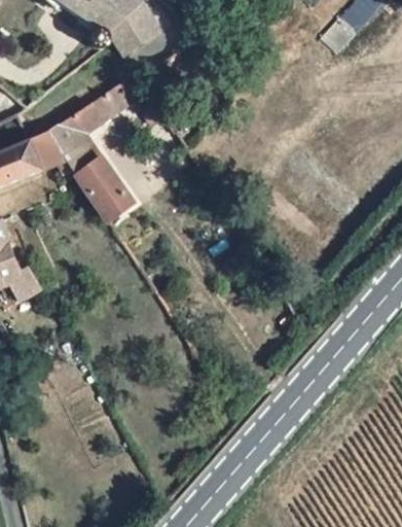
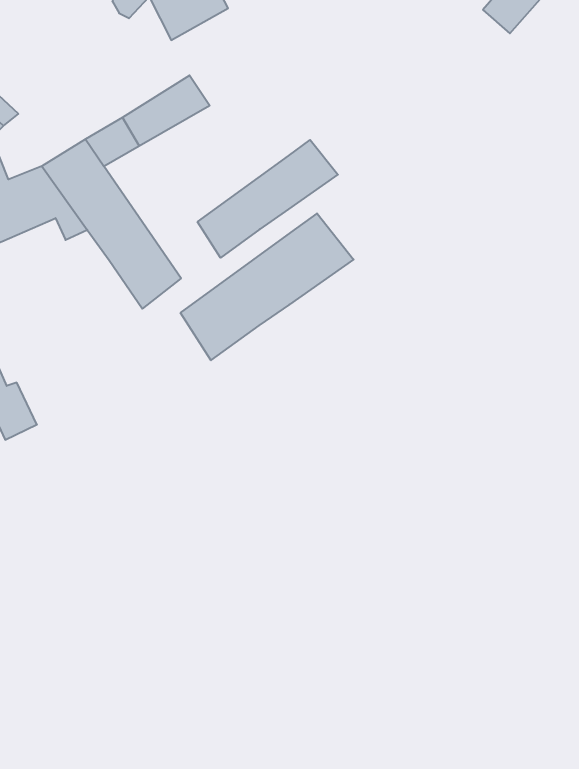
building: none -> [198,140,338,258]
building: none -> [181,213,354,360]

